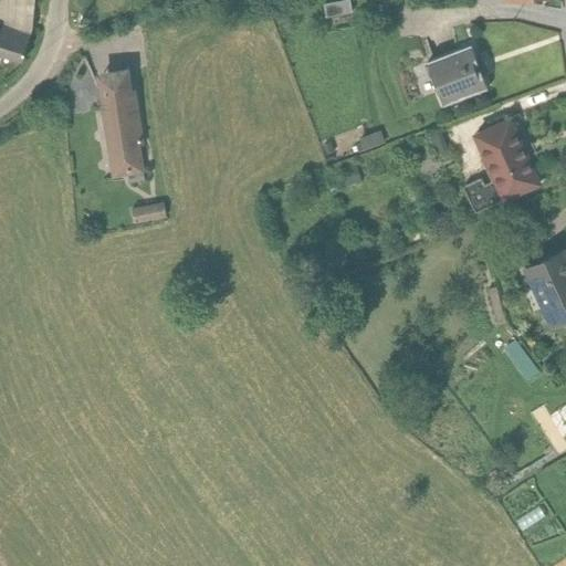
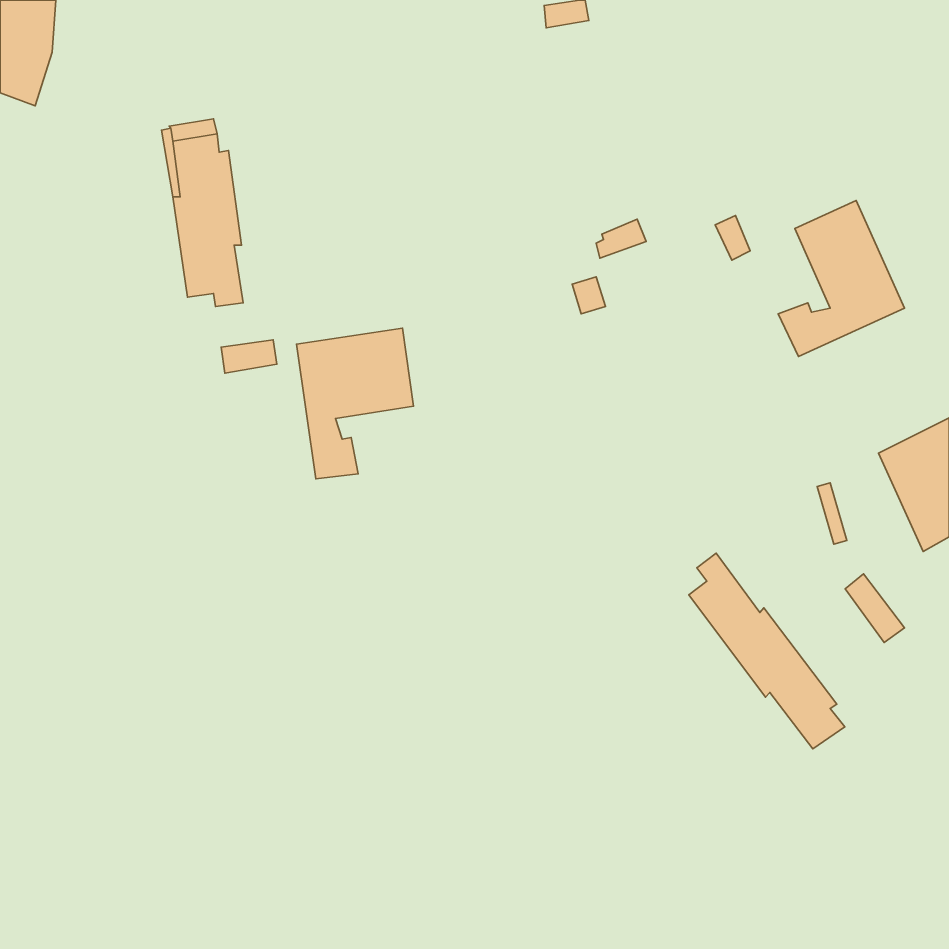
building: [427,45,486,105] -> none
building: none -> [297,328,413,479]
building: none -> [689,553,845,749]

